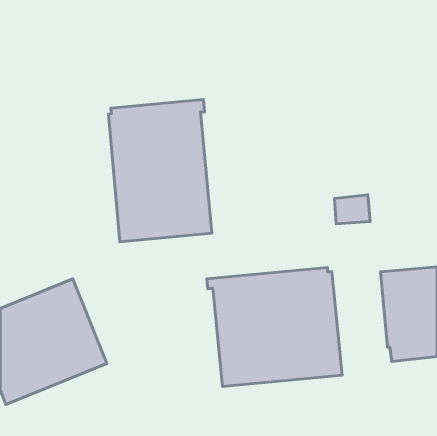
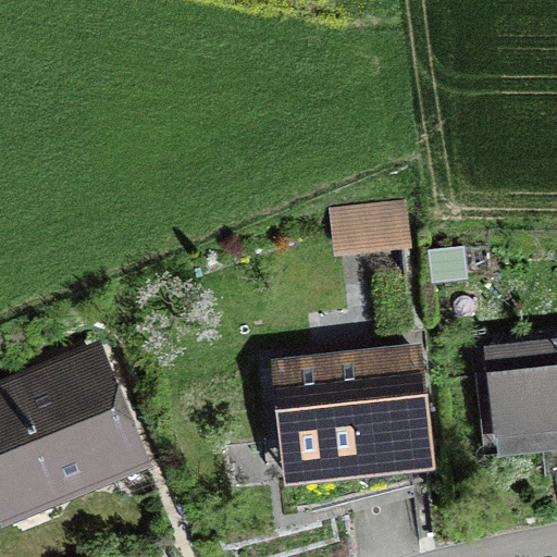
building: [108,99,212,242] -> none
building: none -> [327,198,412,258]

